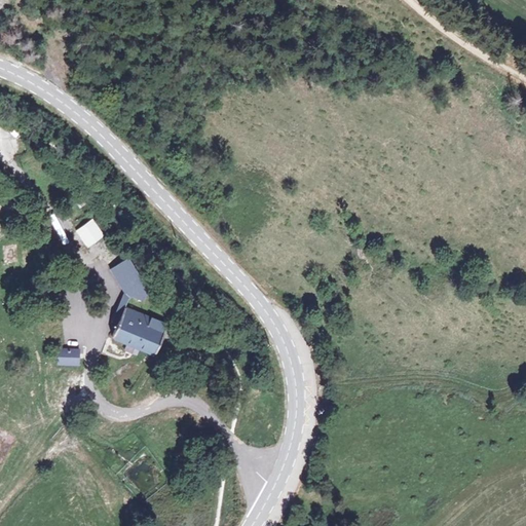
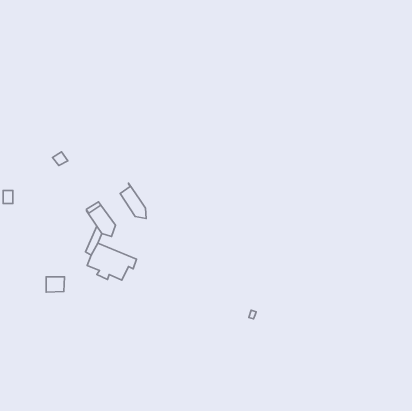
building: [76,216,106,245] -> none
building: none -> [120,183,146,219]

